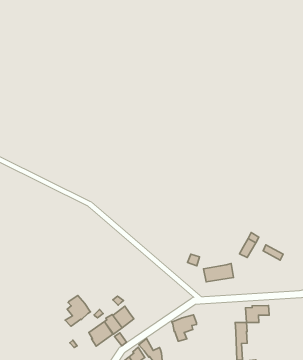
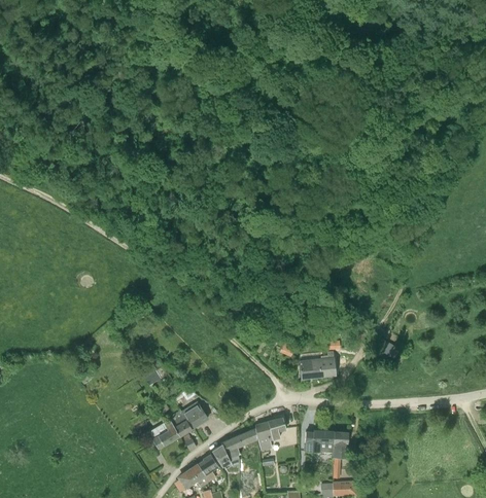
building: [65,295,90,326] -> none
building: [246,305,269,323] -> [305,430,334,452]
building: none -> [221,428,256,459]

